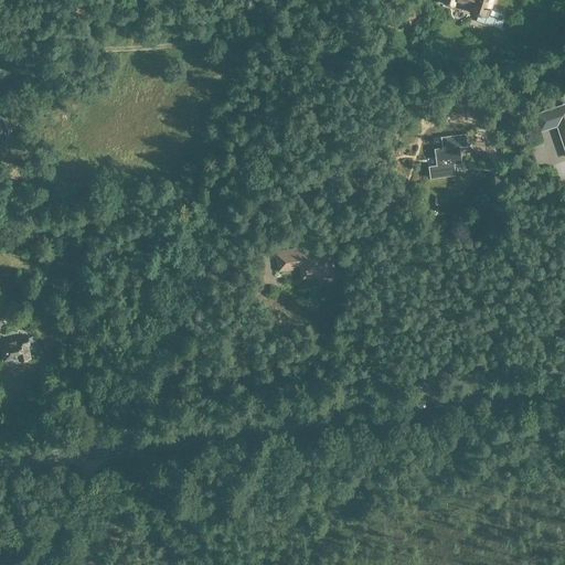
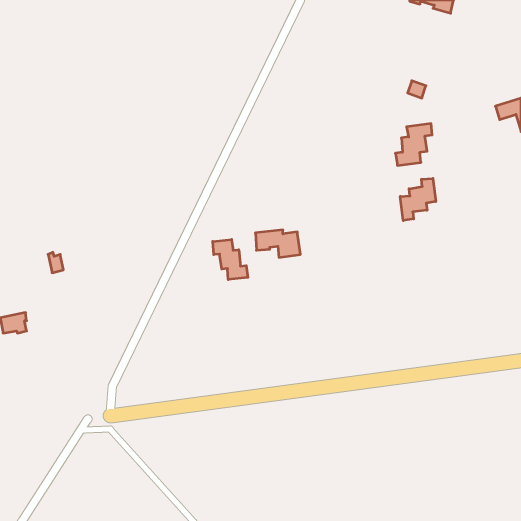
building: none -> [400,178,436,221]
building: none -> [213,239,248,280]

